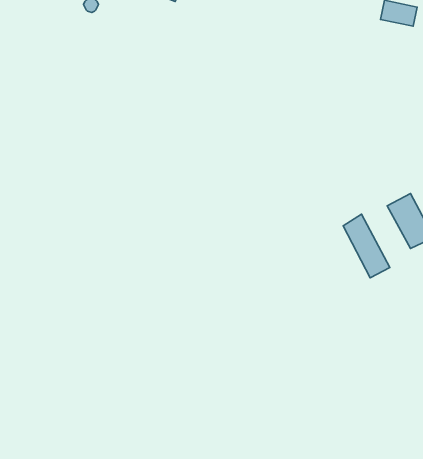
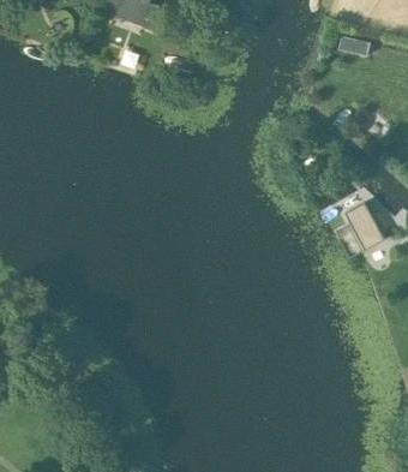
building: [343,214,390,278] -> none

